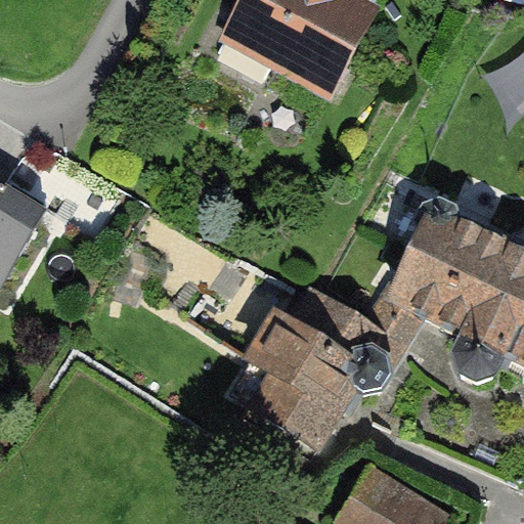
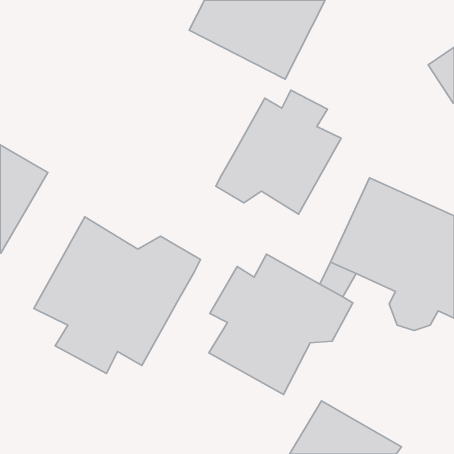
building: none -> [216,90,341,214]
building: none -> [34,217,201,373]

